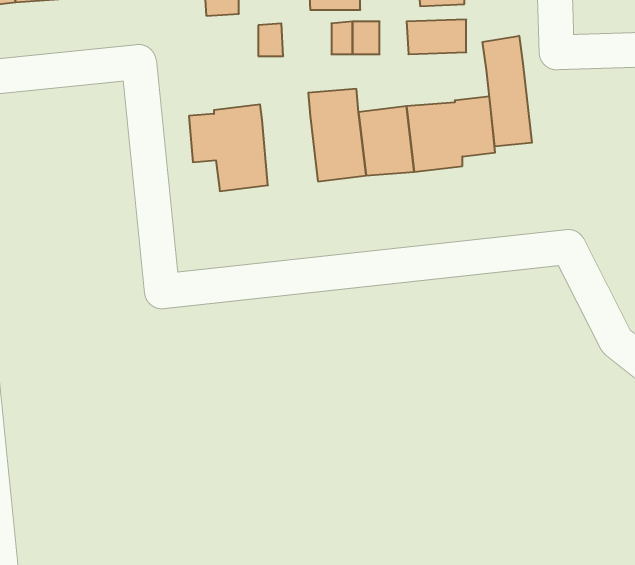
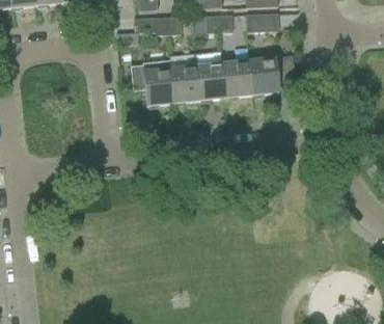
building: none -> [133,17,167,34]
building: [483,36,532,147] -> none
building: none -> [168,53,199,103]

